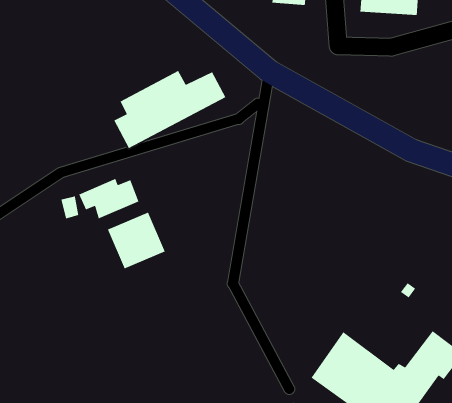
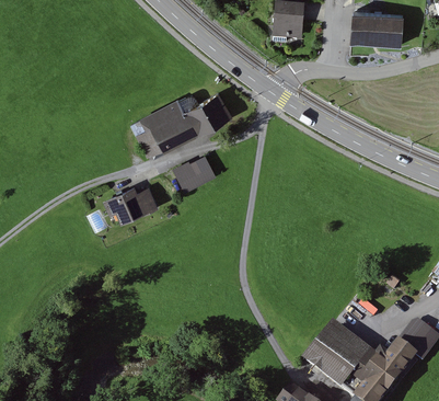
building: none -> [172,159,211,193]
building: [107,211,166,270] -> none

